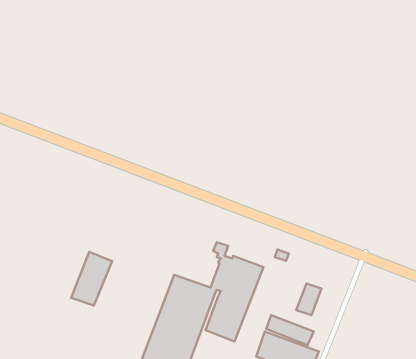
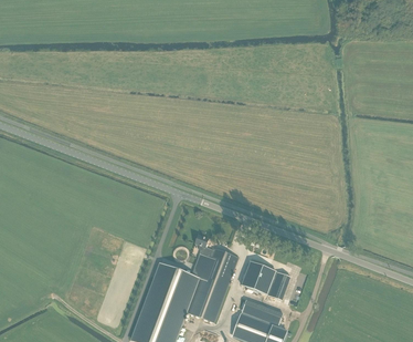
building: [71,252,112,306] -> none
building: none -> [239,260,275,293]

